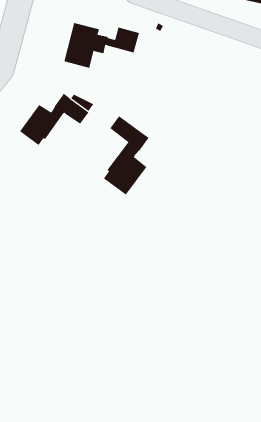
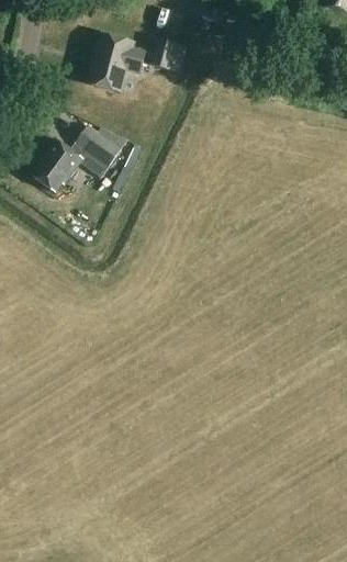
building: [103,115,150,195] -> none

